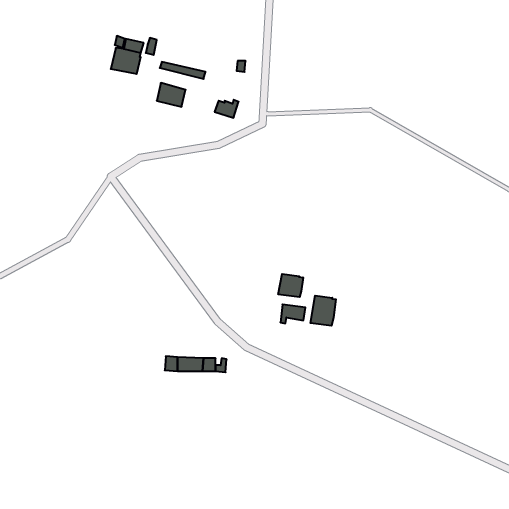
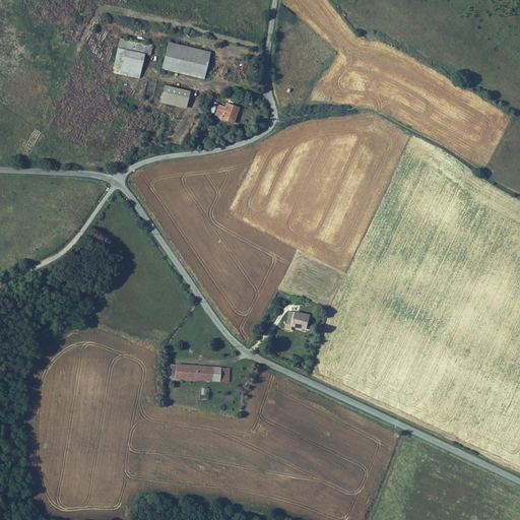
building: none -> [165,48,212,73]
building: [278,274,303,297] -> none
building: [310,296,336,326] -> none

